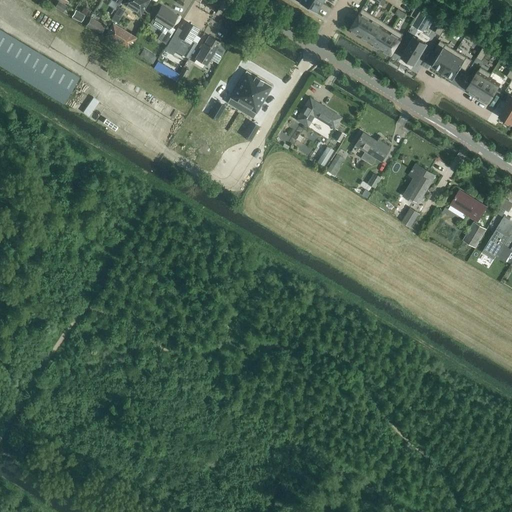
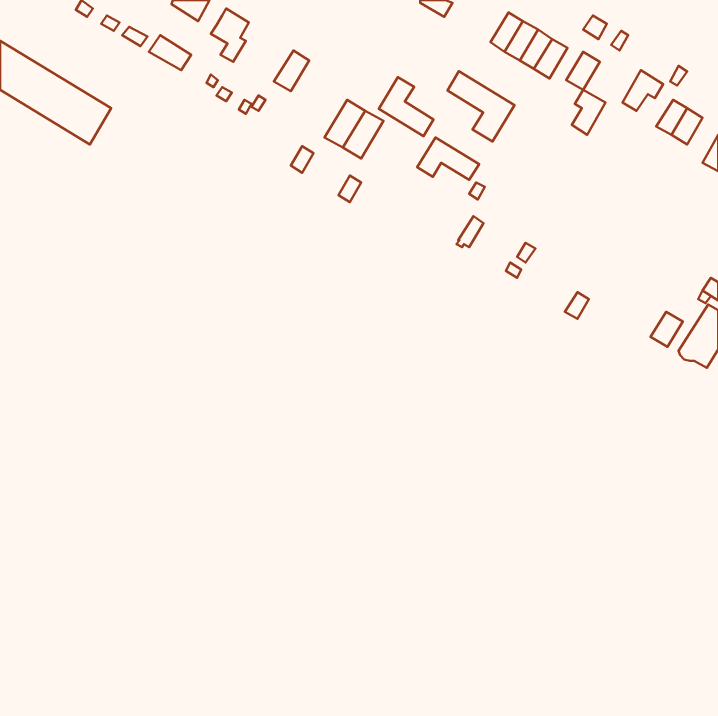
building: [165,23,199,59] -> none
building: [432,42,456,74] -> [572,90,606,135]
building: none -> [447,71,515,142]
building: none -> [379,77,434,136]
building: [355,134,391,166] -> none
building: [407,164,436,205] -> none
building: [451,193,487,222] -> none

